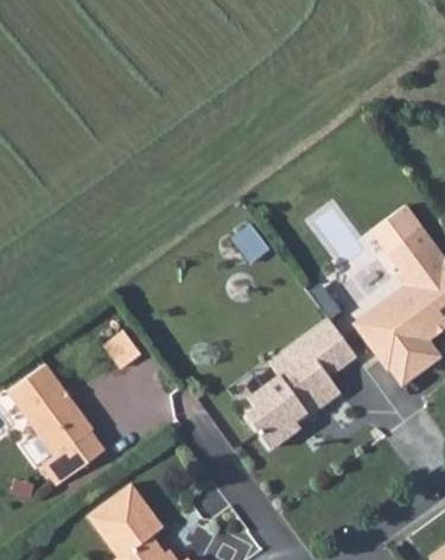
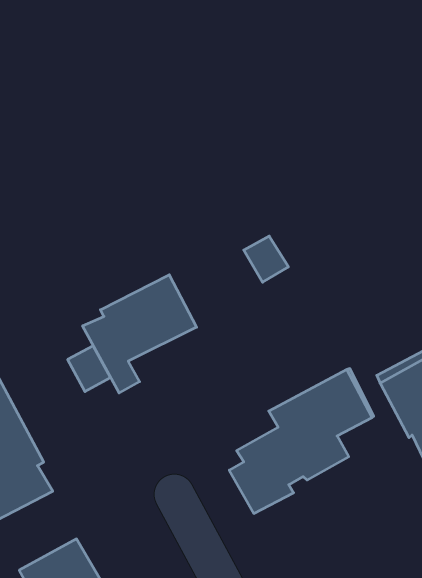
building: none -> [83,275,197,393]

